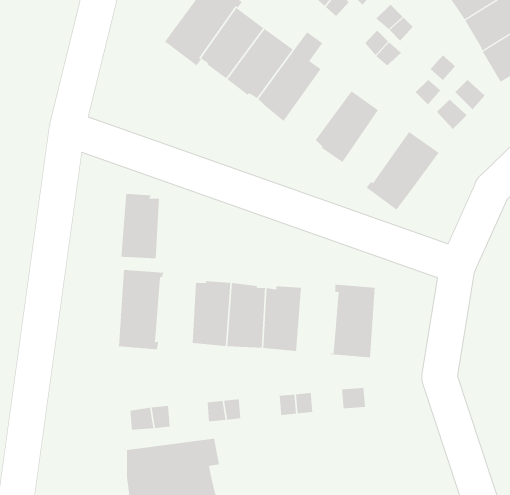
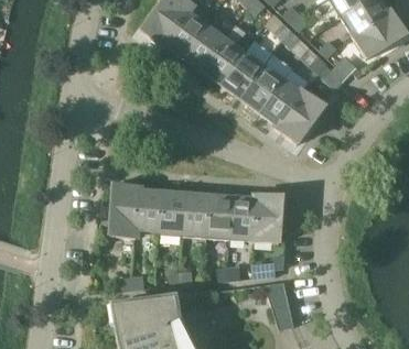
building: none -> [220,40,271,96]
building: none -> [259,76,303,124]
building: [121,193,160,259] -> [133,188,160,232]
building: none -> [228,195,256,239]
building: none -> [263,282,293,329]

